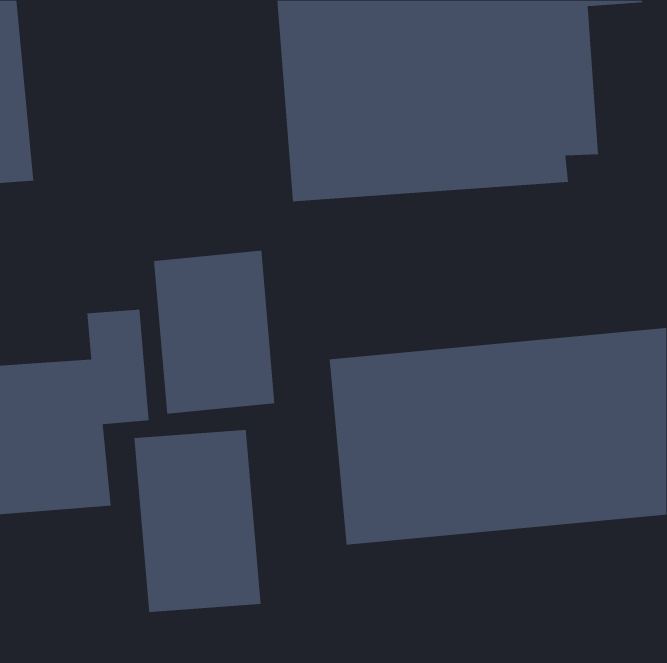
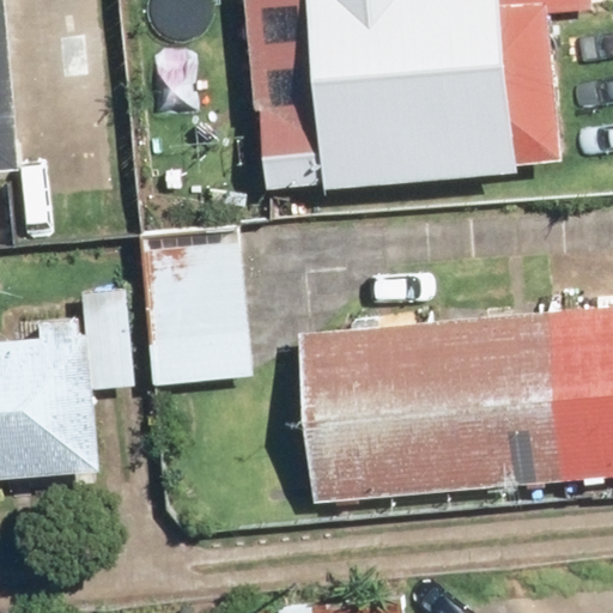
building: [134,429,261,613] -> none

